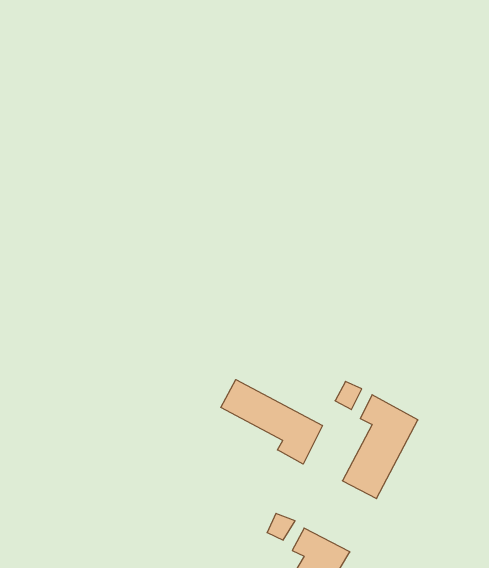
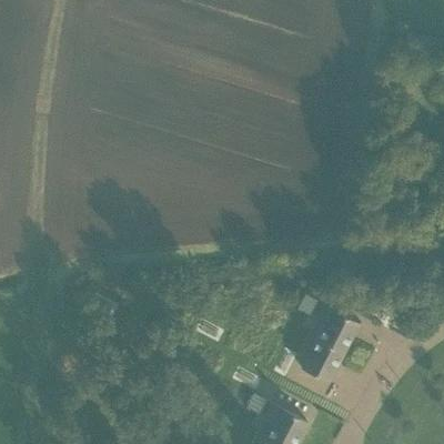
building: [221,380,322,464] -> none

